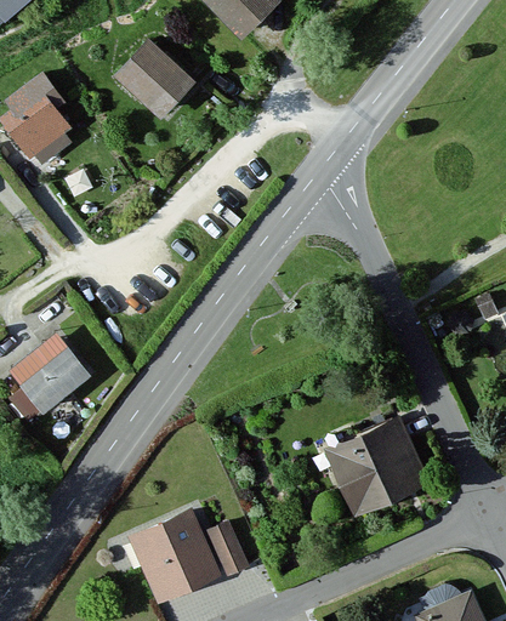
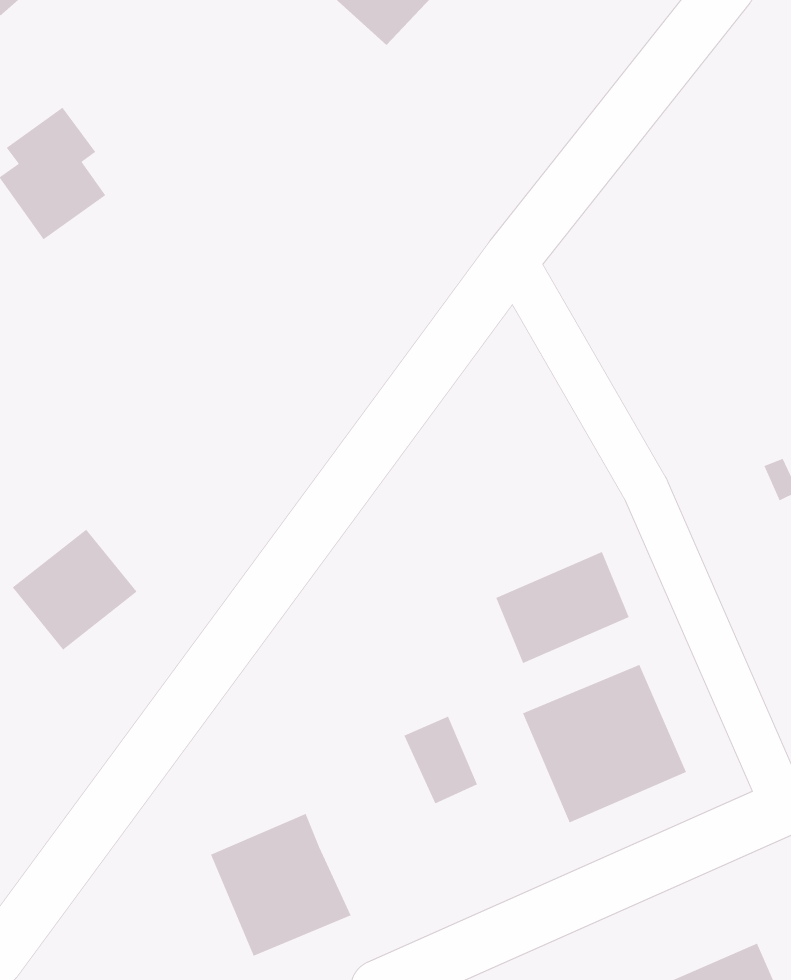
building: [115,41,193,118] -> none
building: none -> [495,551,630,664]
building: [200,520,246,575] -> [403,716,478,804]

